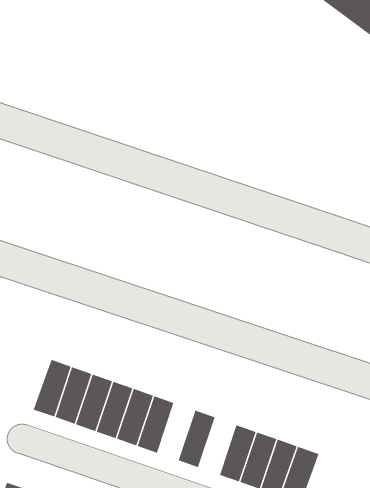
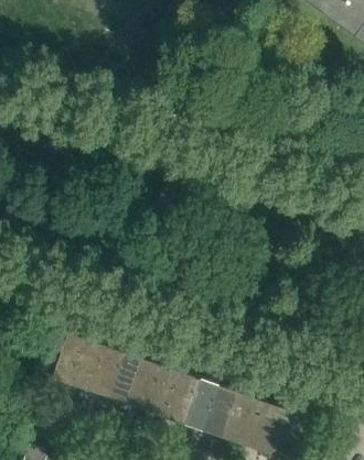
building: none -> [163,371,197,424]
building: none -> [201,384,235,437]

